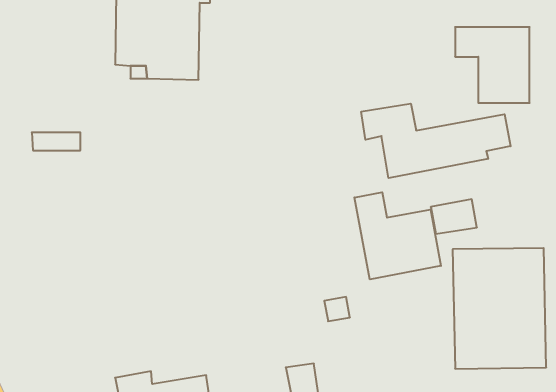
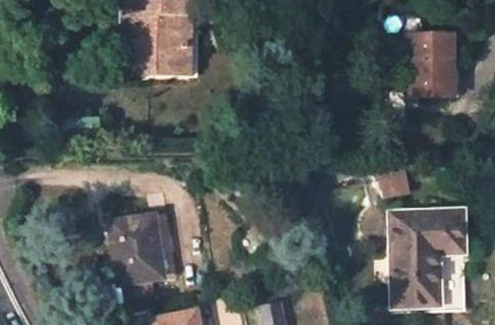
building: [361,104,511,178] -> none
building: [354,192,441,279] -> none
building: none -> [90,214,163,310]

